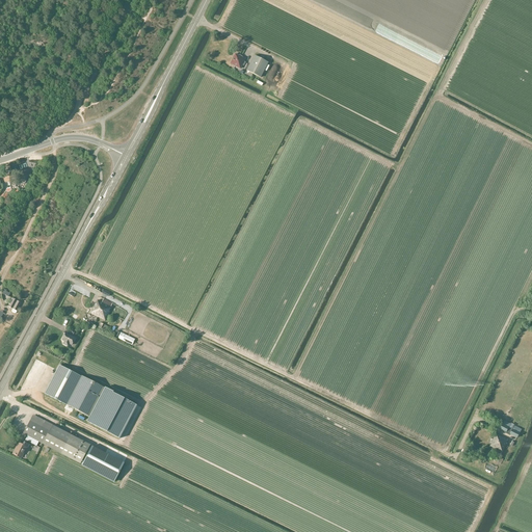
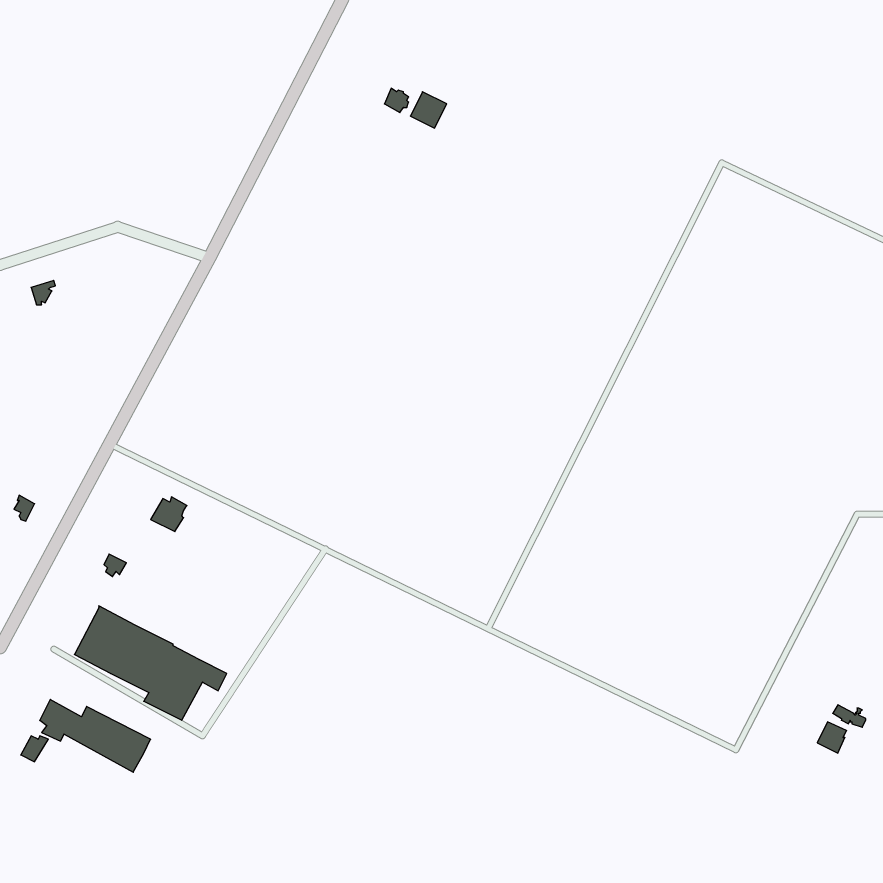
building: [83,445,125,481] -> none

